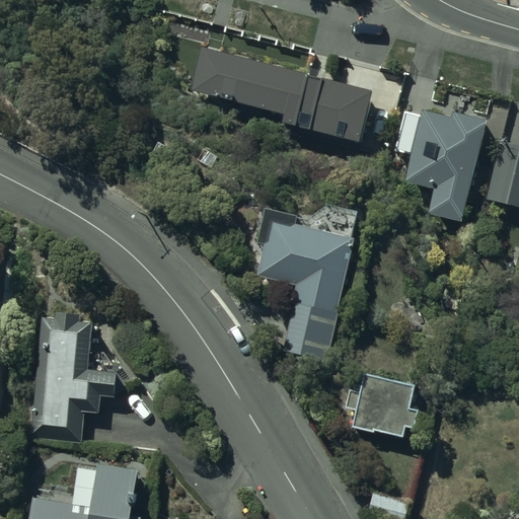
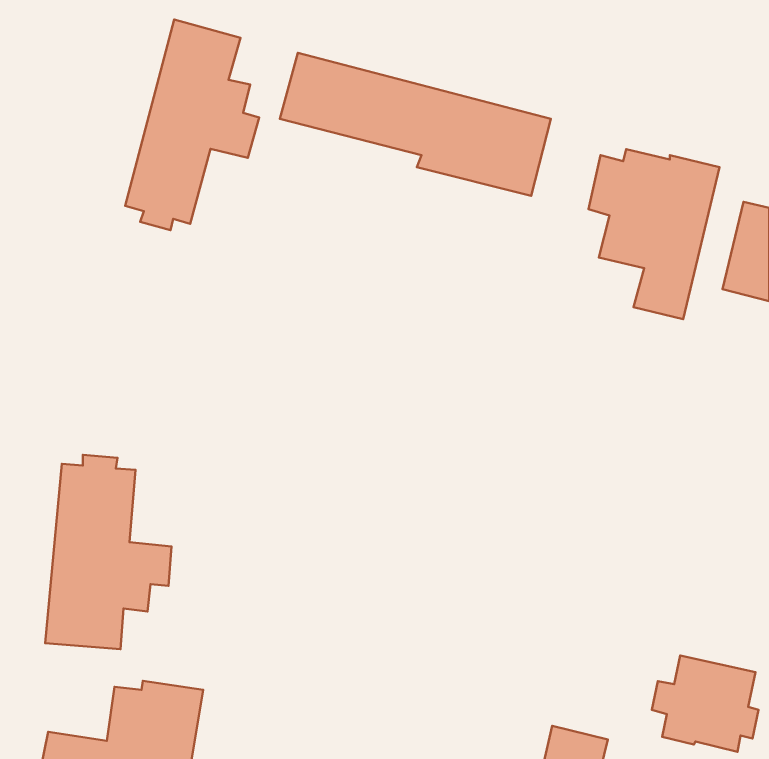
building: none -> [125,19,259,230]
building: [256,207,358,368] -> none
building: [345,376,417,441] -> [652,656,759,752]

